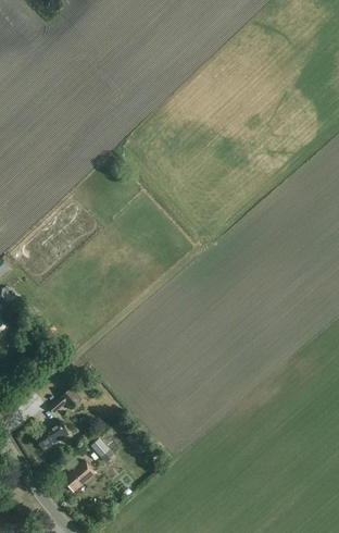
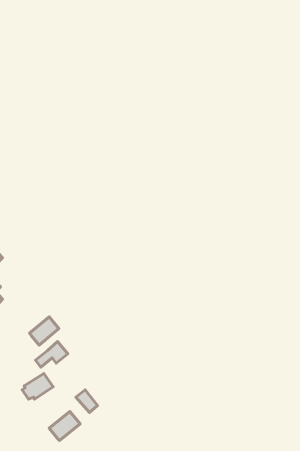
building: none -> [30,317,59,345]

